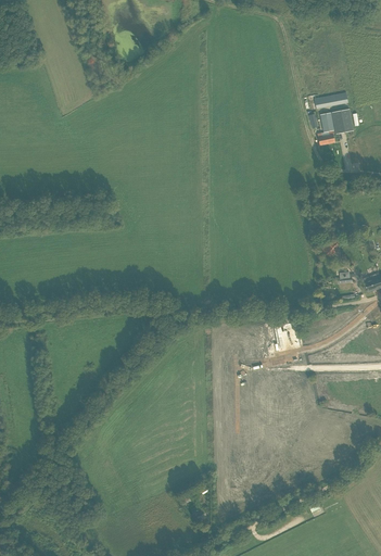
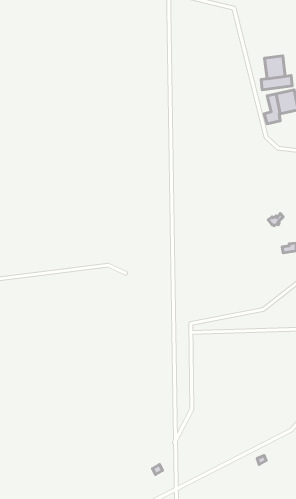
building: none -> [265,56,285,79]

